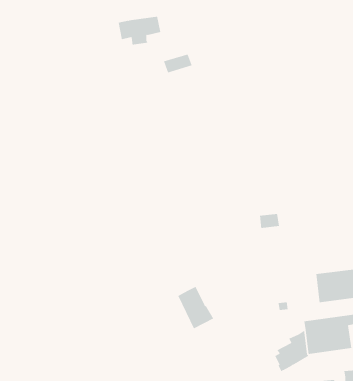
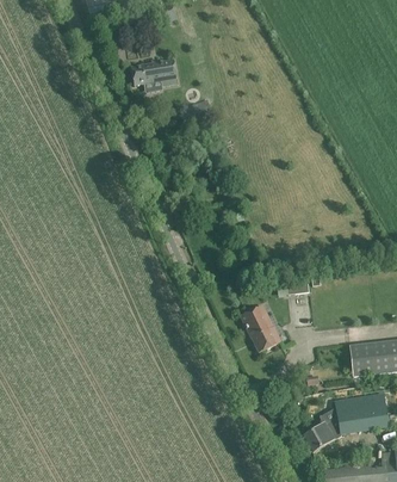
building: [177,286,214,329] -> [243,304,284,352]

